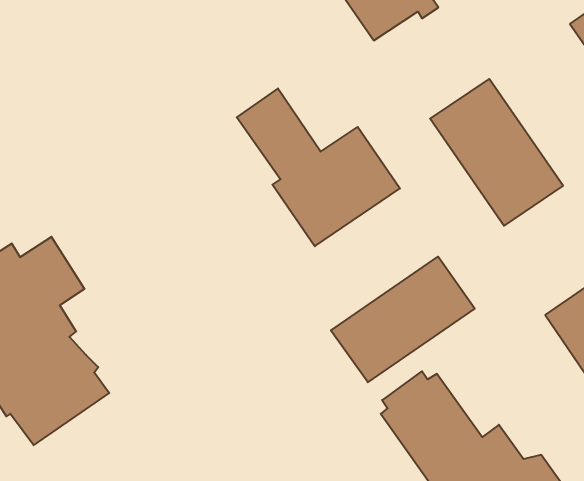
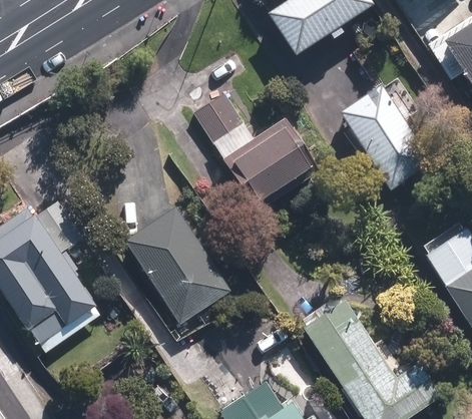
building: none -> [122,208,229,326]
building: [331,257,475,382] -> none

